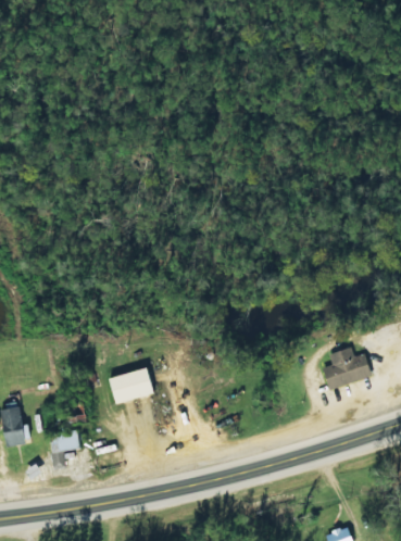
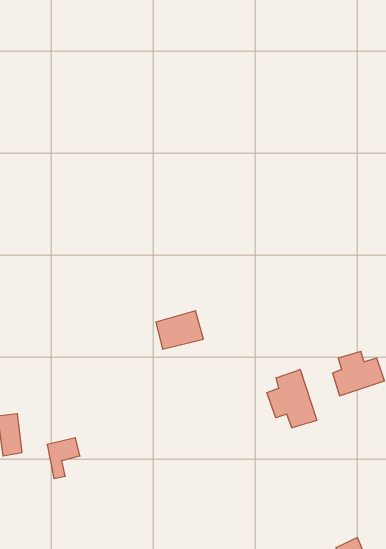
building: none -> [267,369,317,428]
building: [110,367,155,404] -> [156,311,203,349]

